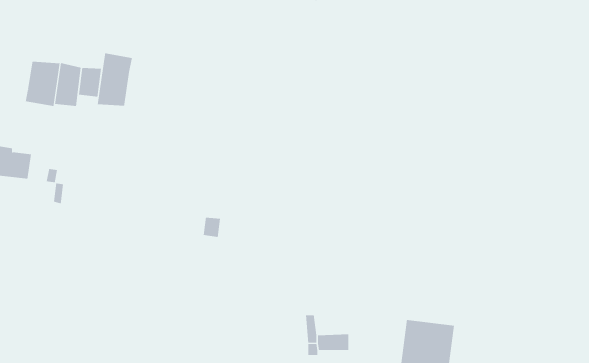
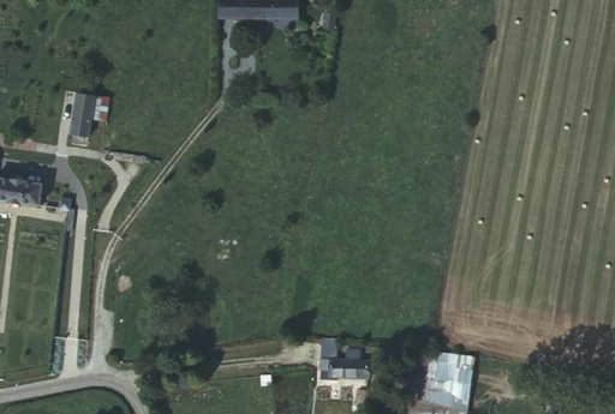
building: [97,52,132,106] -> none
building: [25,61,60,107] -> none

